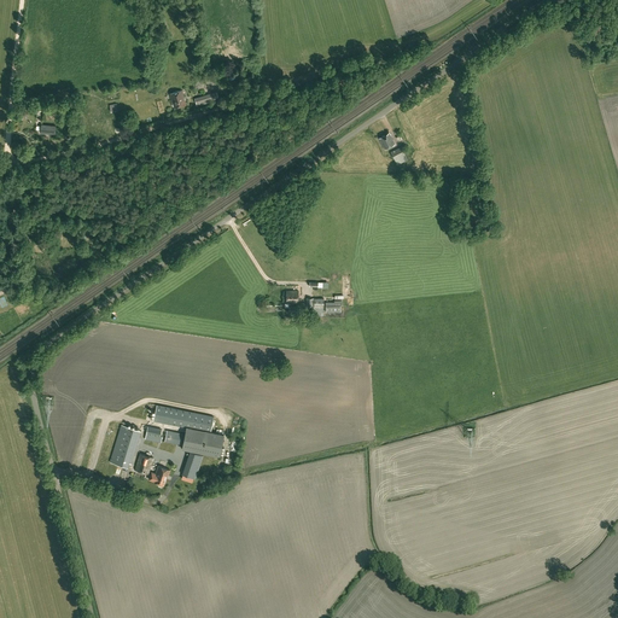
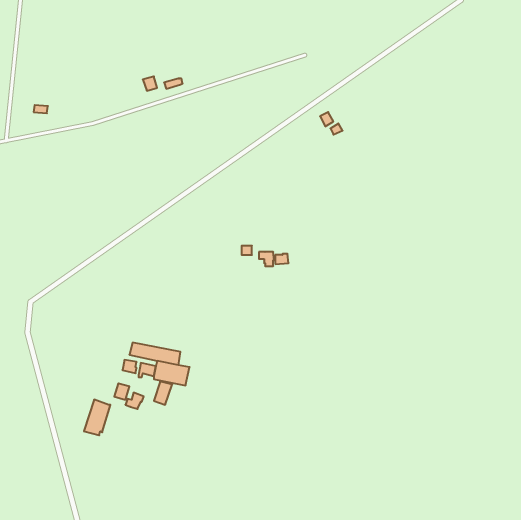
building: [110,426,141,468] -> [84,400,110,435]

